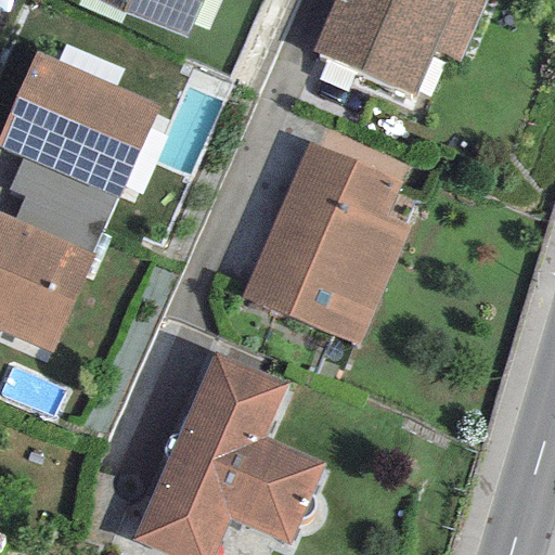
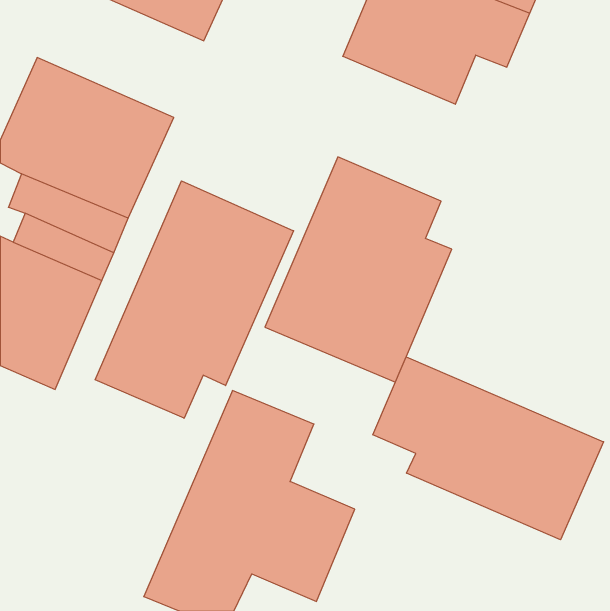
building: none -> [95,181,294,418]
building: none -> [373,357,604,540]

